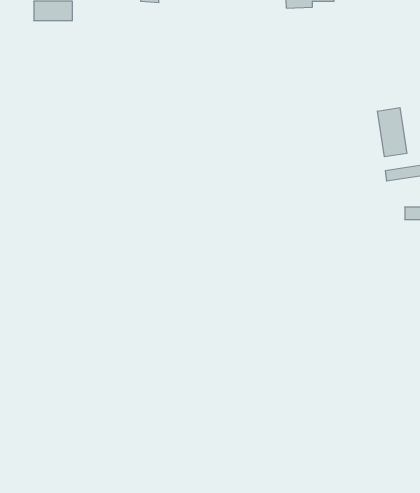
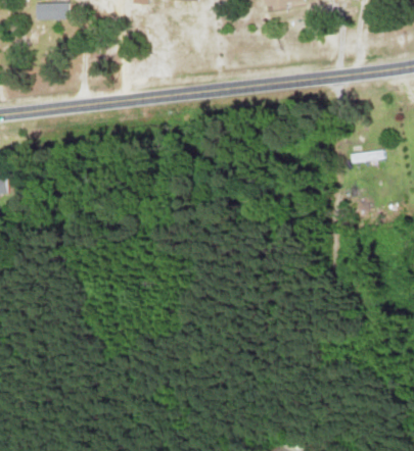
building: [377,108,407,157] -> none

